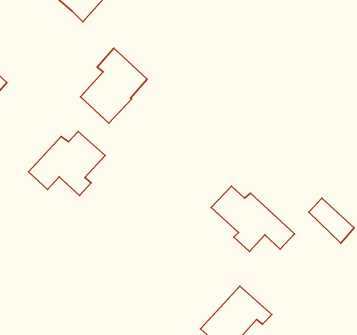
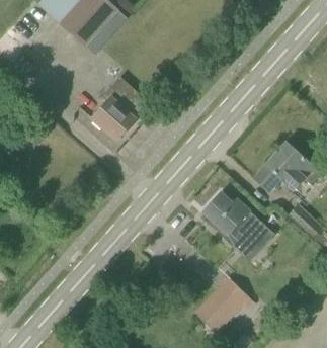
building: none -> [254,142,319,189]
building: [28,131,105,196] -> none

